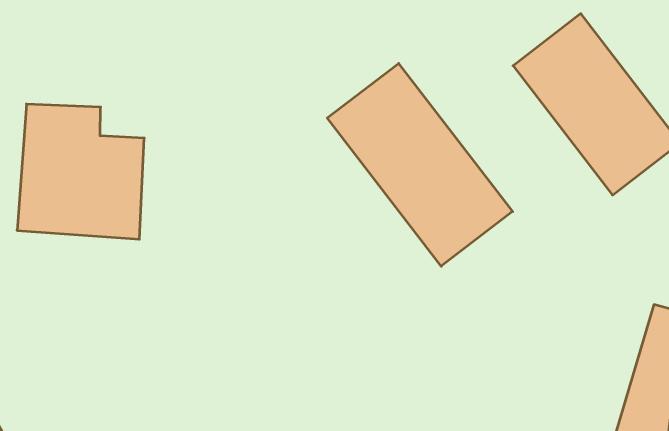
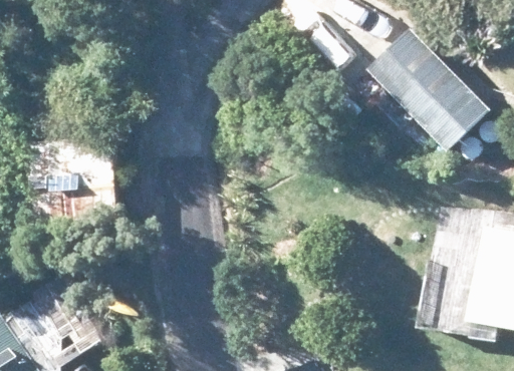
building: [327,63,513,266] -> none

